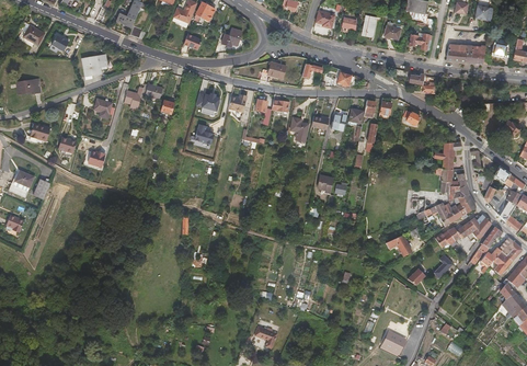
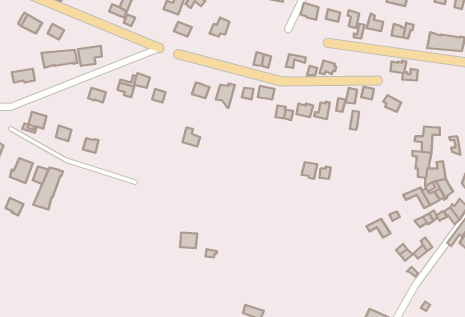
building: none -> [42,50,78,68]
building: none -> [33,167,63,209]

